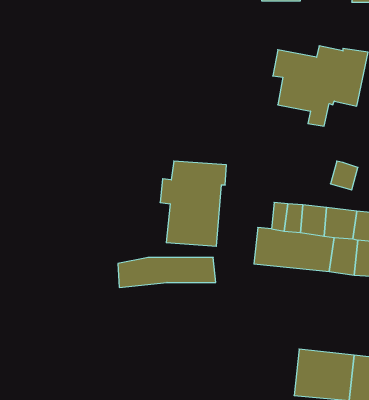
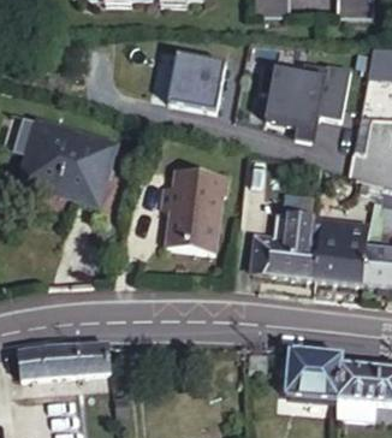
building: none -> [167,53,226,112]
building: none -> [12,116,105,193]
building: [118,257,216,287] -> [17,347,111,375]

